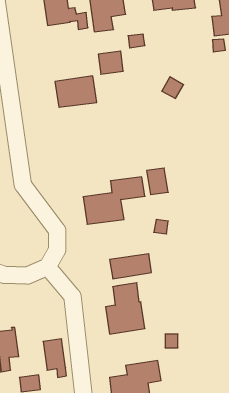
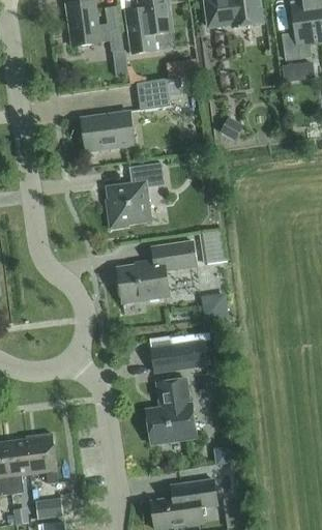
building: none -> [107,163,165,229]
building: [43,339,66,377] -> [29,433,59,482]

